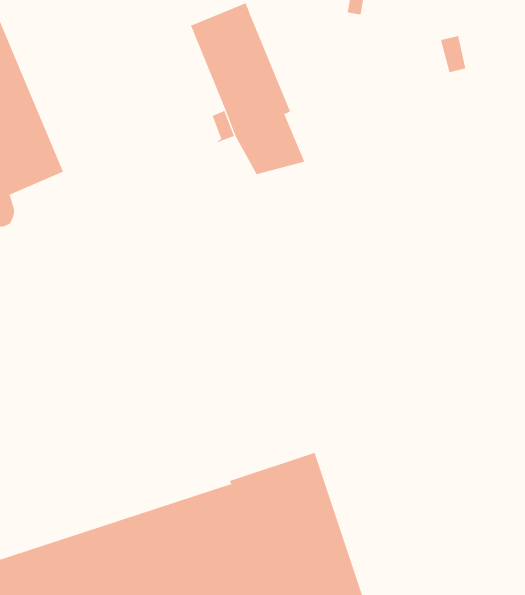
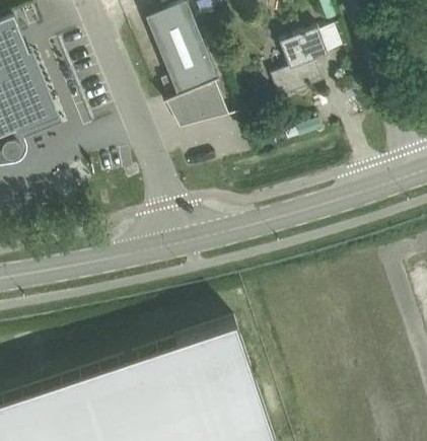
building: none -> [272,28,329,100]

